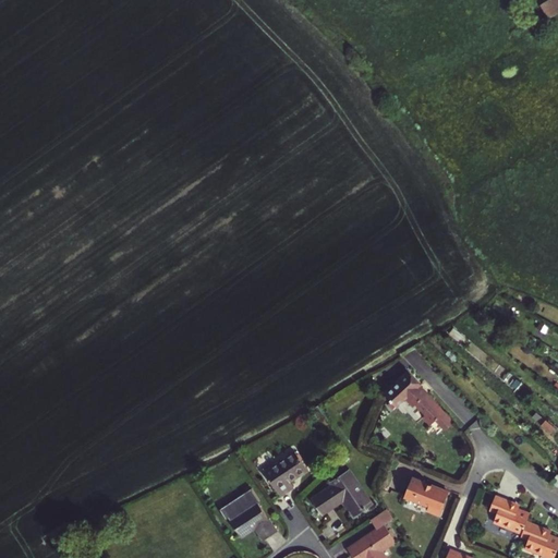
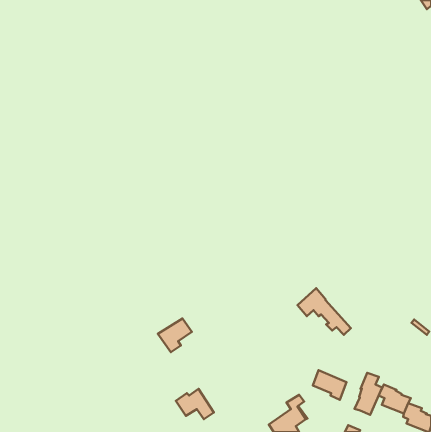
building: [263,451,306,495] -> [158,318,192,352]
building: [312,474,368,515] -> none
building: none -> [355,373,382,415]

